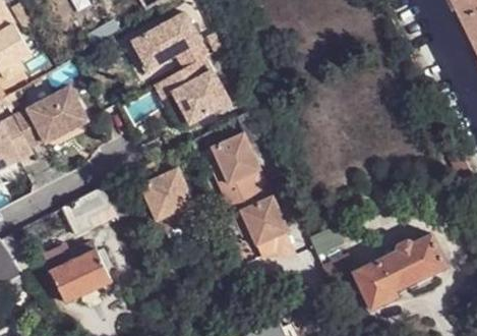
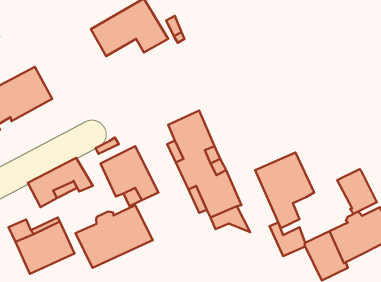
building: [155,59,229,123] -> none
building: none -> [255,152,314,228]
building: none -> [337,169,377,214]
building: none -> [76,205,153,268]

